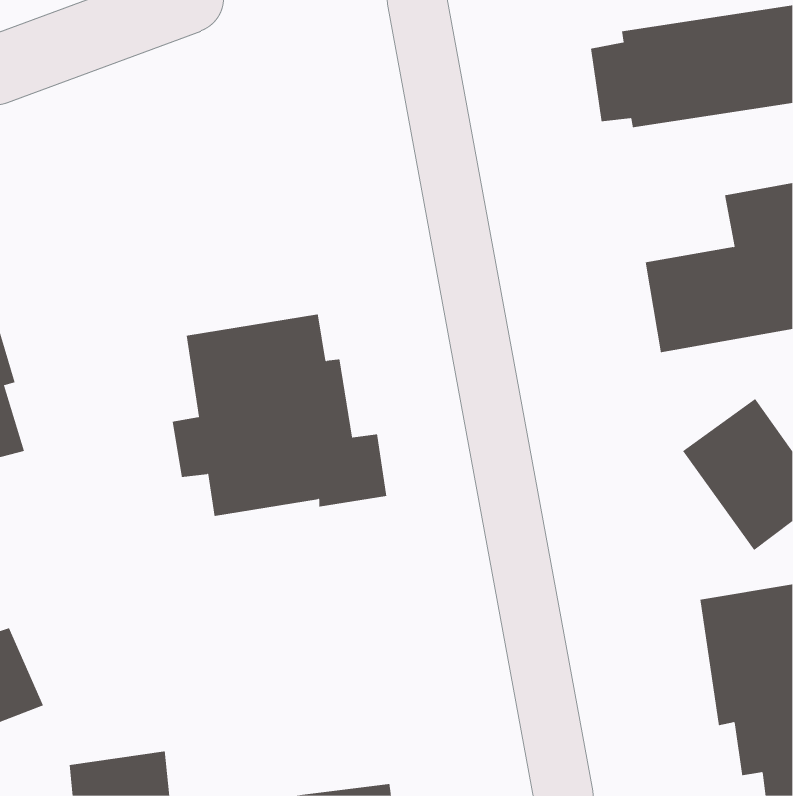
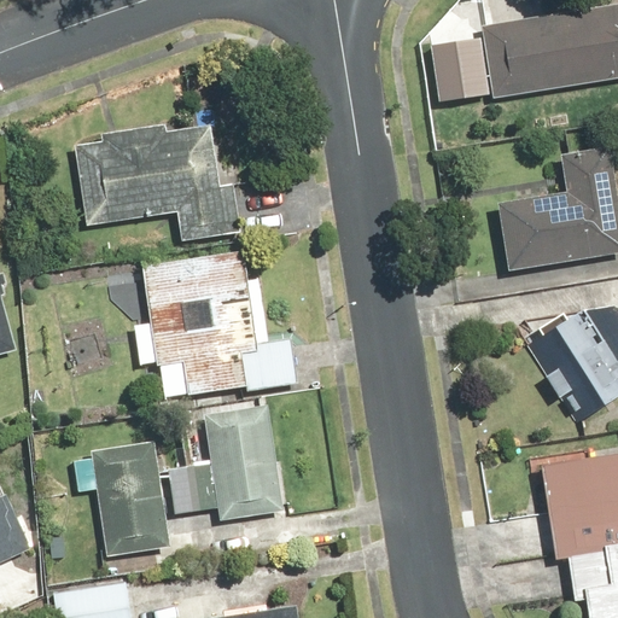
building: none -> [77,124,244,240]
building: none -> [168,406,284,519]
building: none -> [74,444,171,554]

